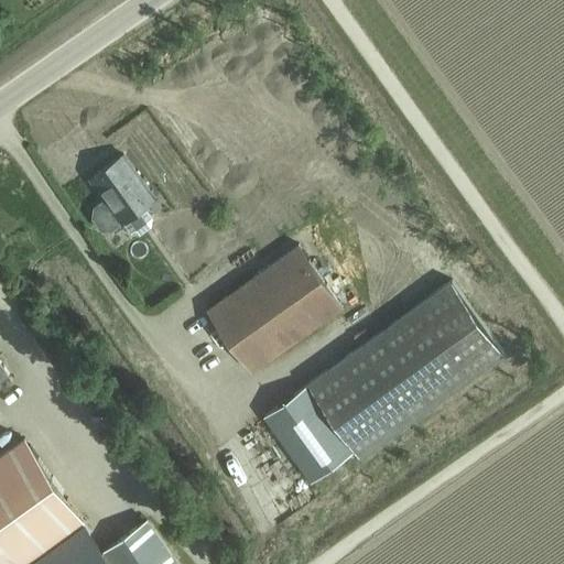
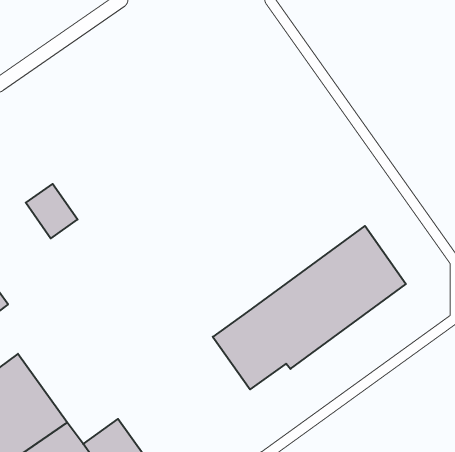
building: [88,160,152,227] -> [26,184,78,238]
building: [206,249,340,375] -> none

